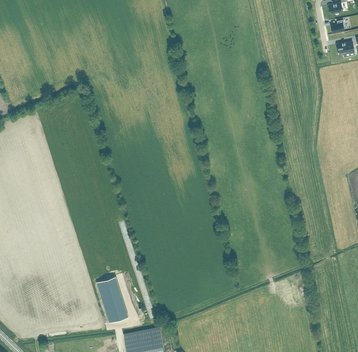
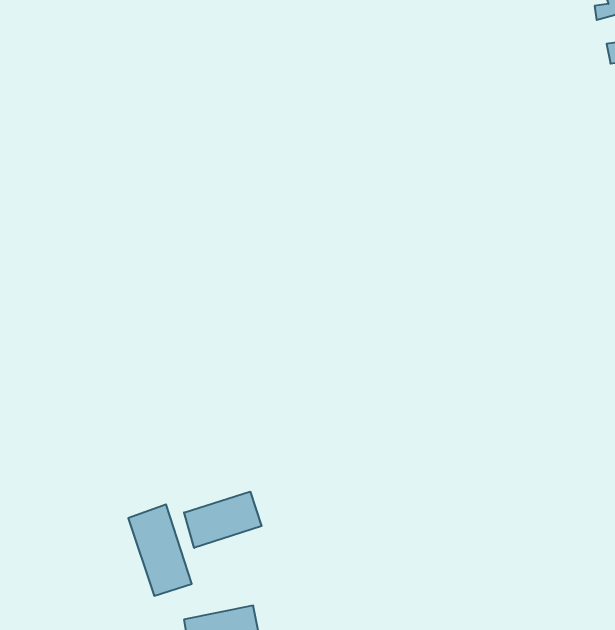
building: none -> [184,492,262,548]

